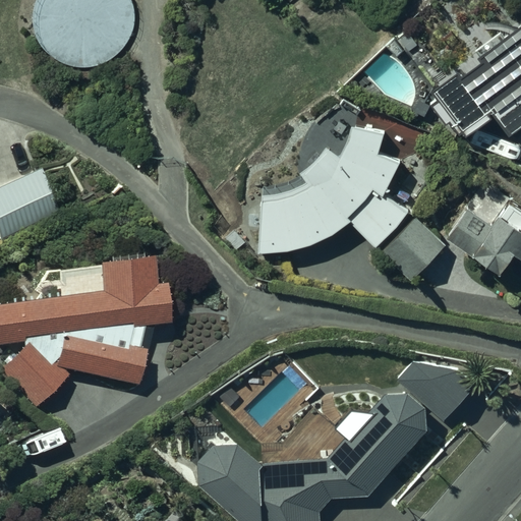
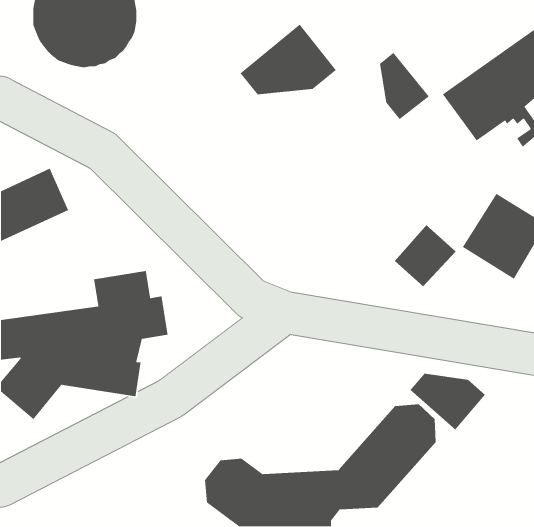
building: none -> [239,24,337,95]
building: none -> [379,52,430,120]
building: [260,125,408,251] -> none

